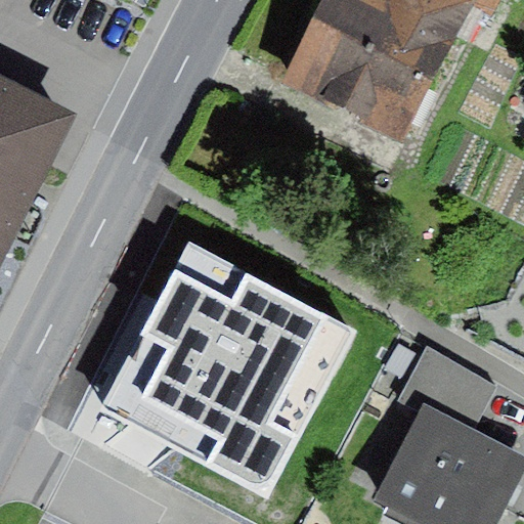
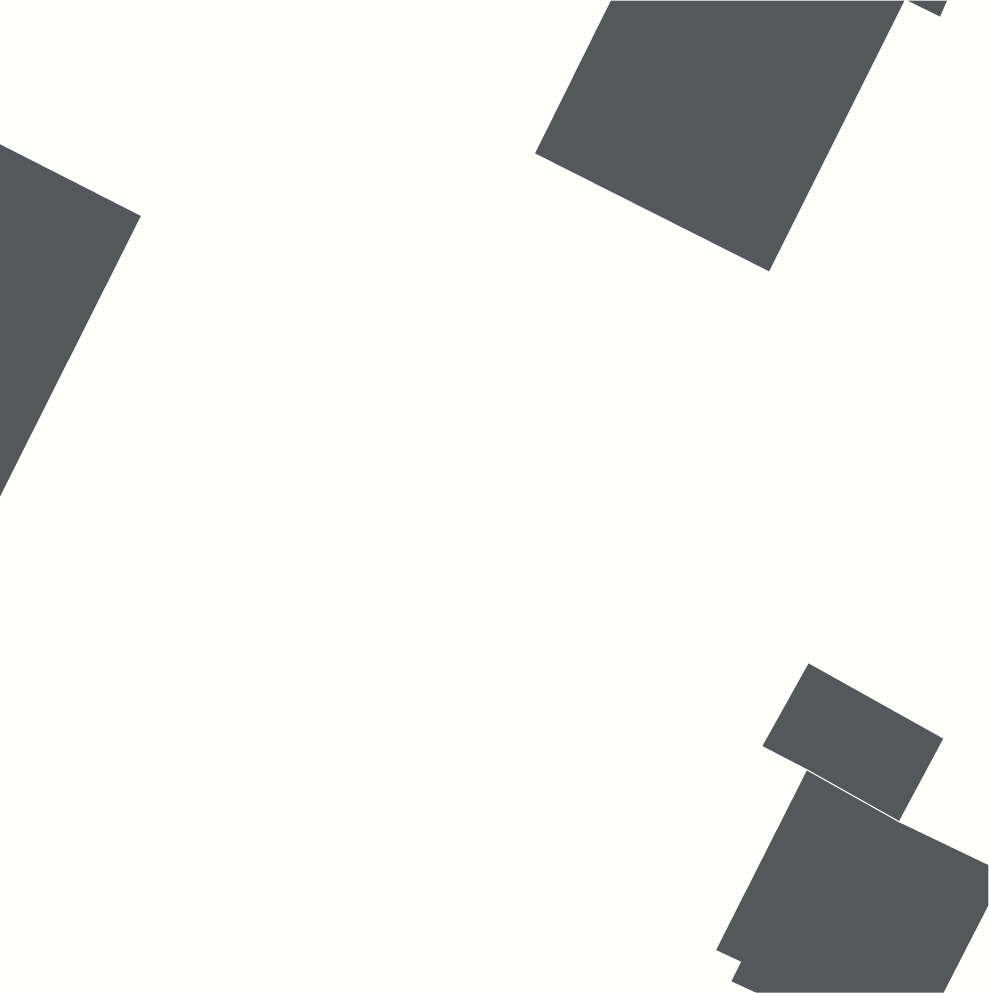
building: [108,266,310,454] -> none

